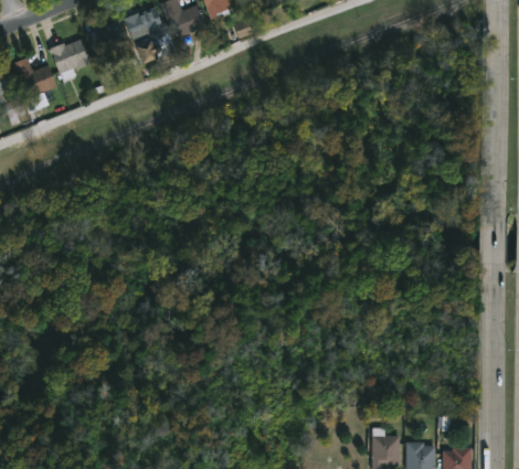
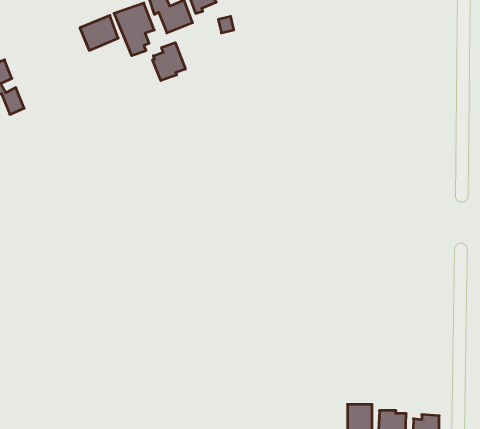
building: [49,39,89,81] -> none
building: none -> [153,43,185,81]
building: [10,57,56,97] -> none

